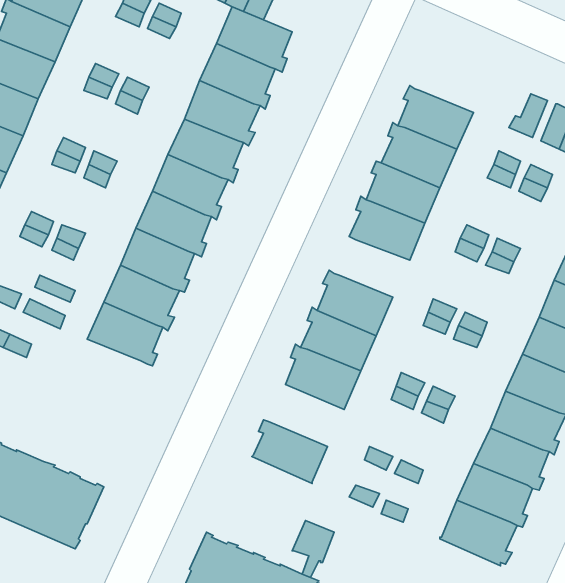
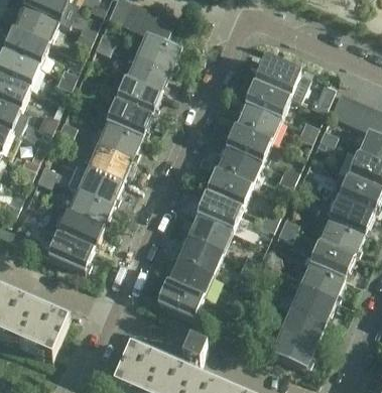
building: none -> [254,56,308,99]
building: none -> [206,168,251,206]
building: none -> [39,231,94,269]
building: none -> [166,257,212,295]

